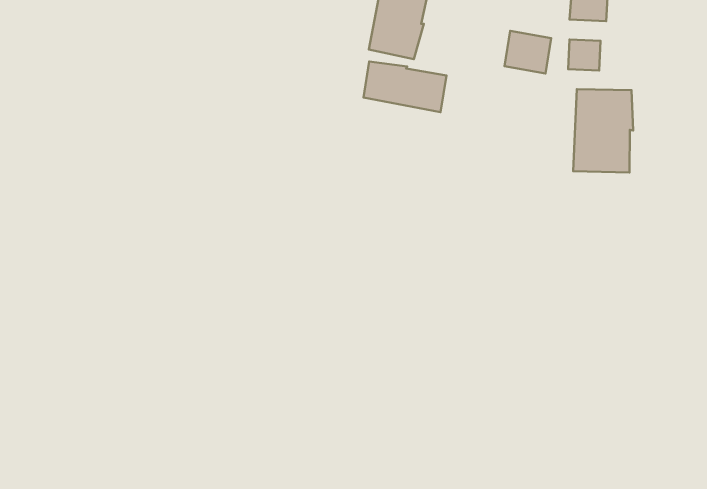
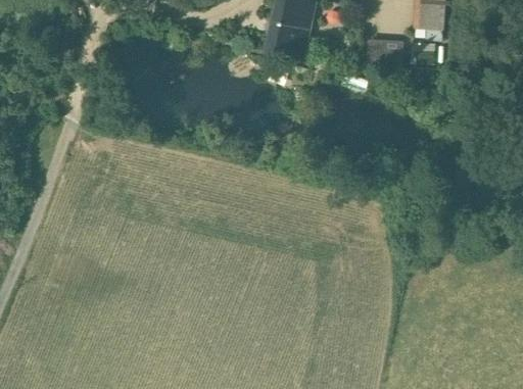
building: [364,62,447,112] -> none
building: [573,89,633,173] -> none

